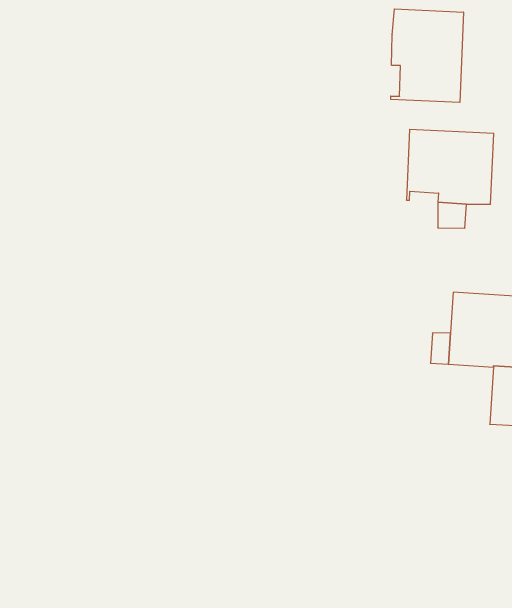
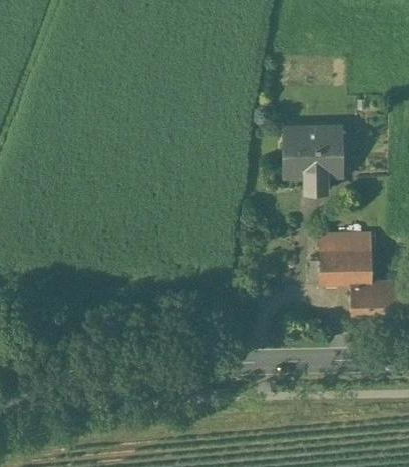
building: [391,9,463,102] -> none

